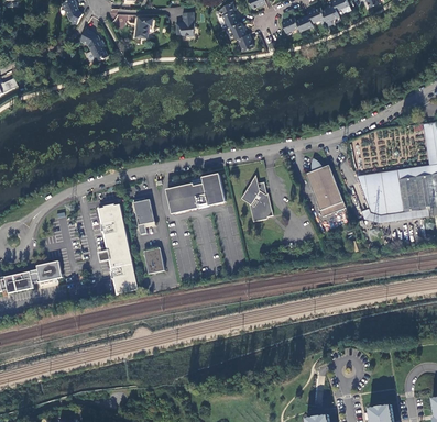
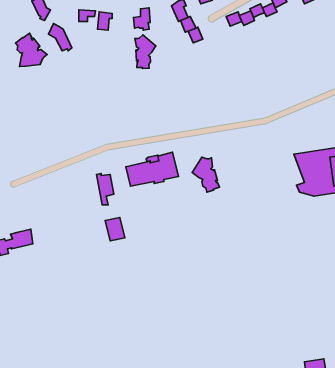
building: none -> [15,33,47,67]
building: none -> [135,35,156,69]
building: [305,159,345,215] -> none
building: [98,203,138,293] -> none

